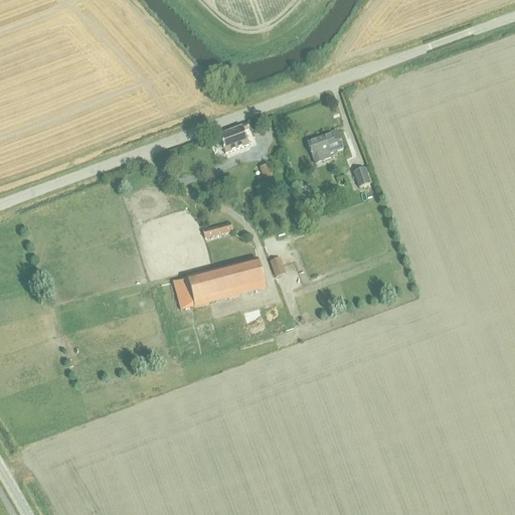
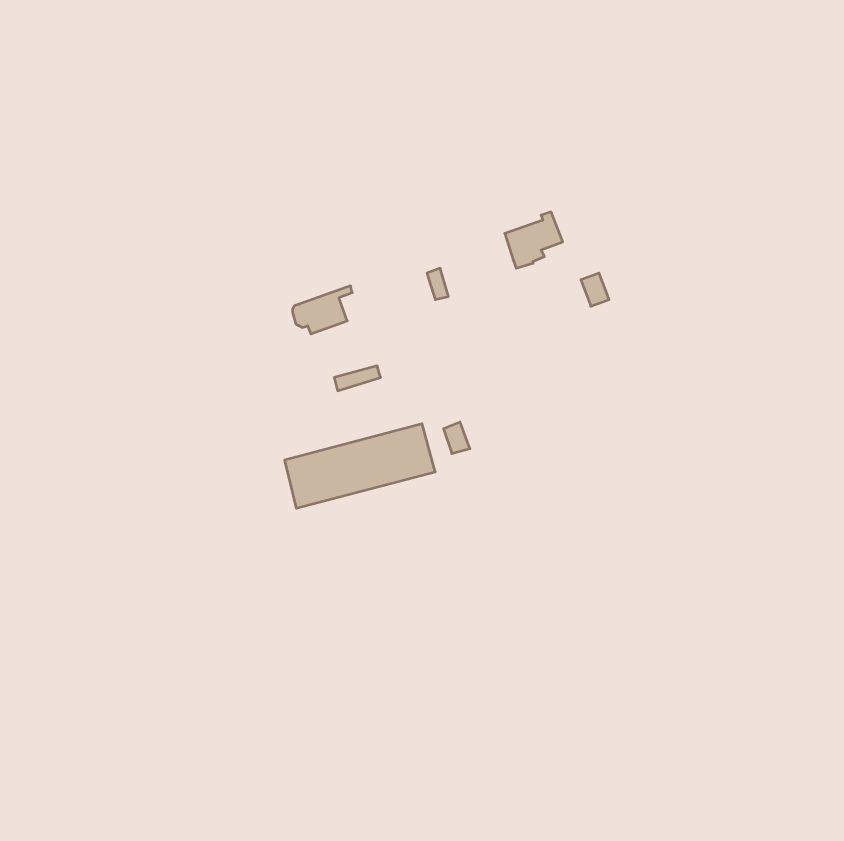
building: [215,123,251,152] -> [293,286,352,334]

